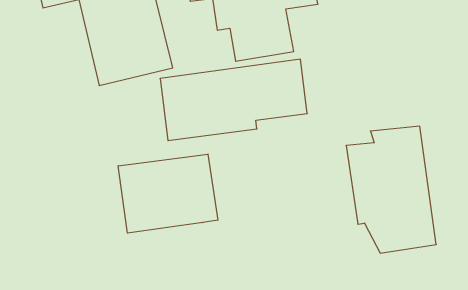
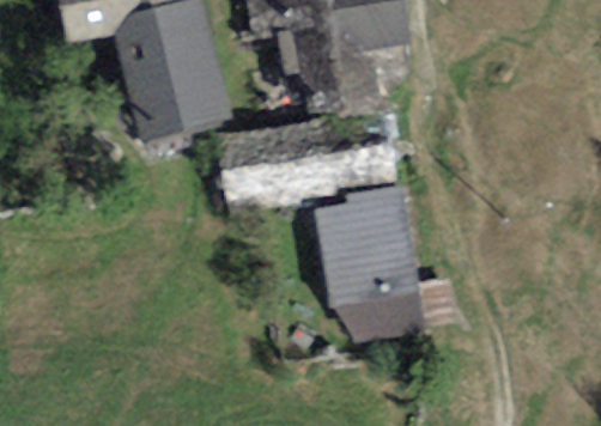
building: [346,126,436,253] -> [311,185,423,342]
building: [118,154,218,233] -> none

